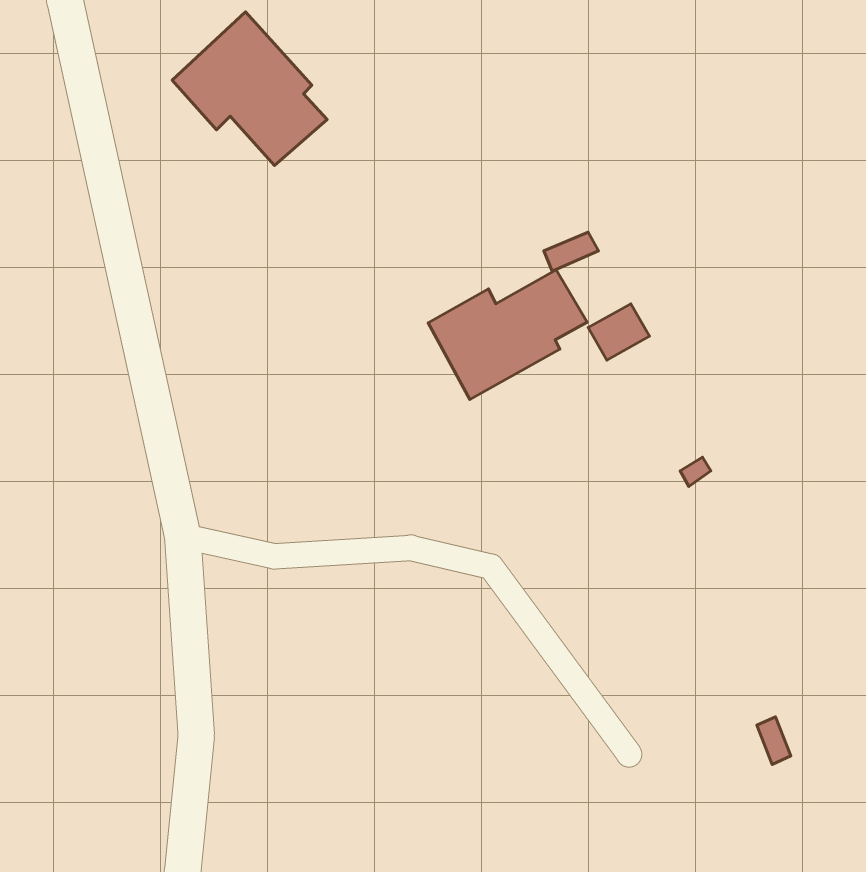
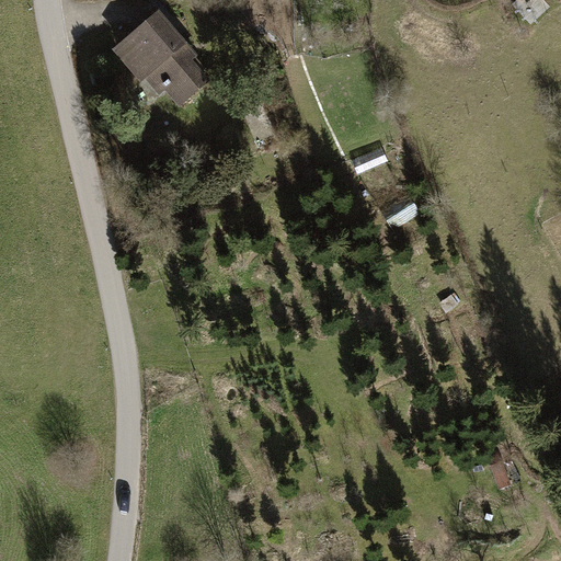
building: [428,270,587,400] -> none

